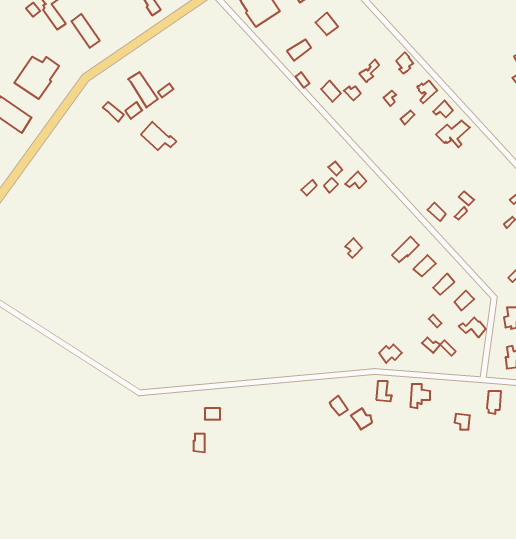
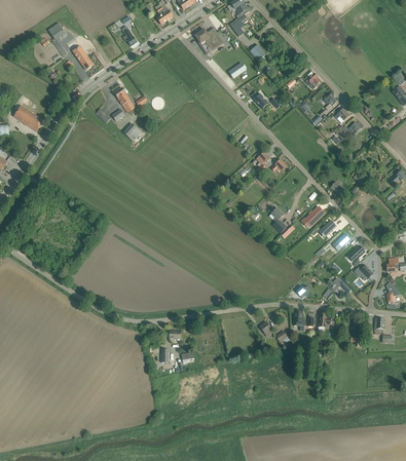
building: [14,57,59,99] -> none

